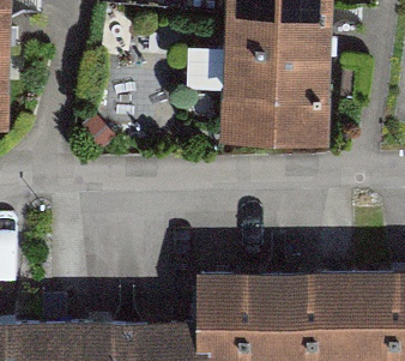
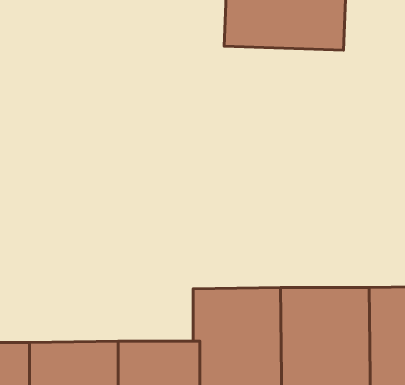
building: [220,55,330,150] -> none

